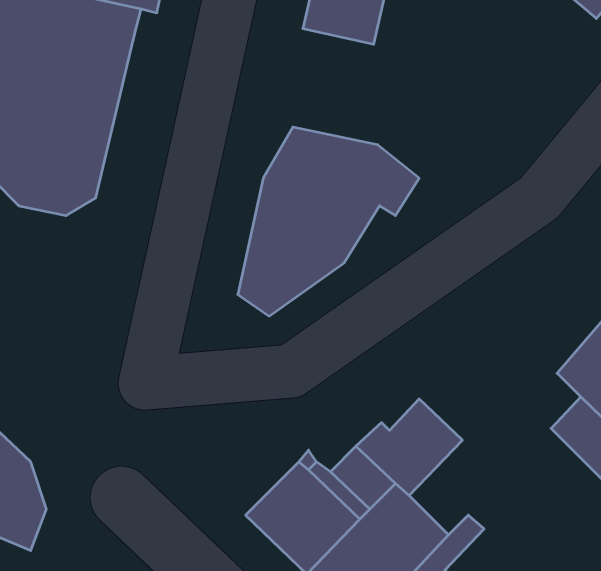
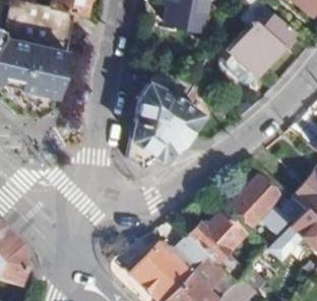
building: none -> [227,10,297,82]
building: none -> [231,176,291,234]

